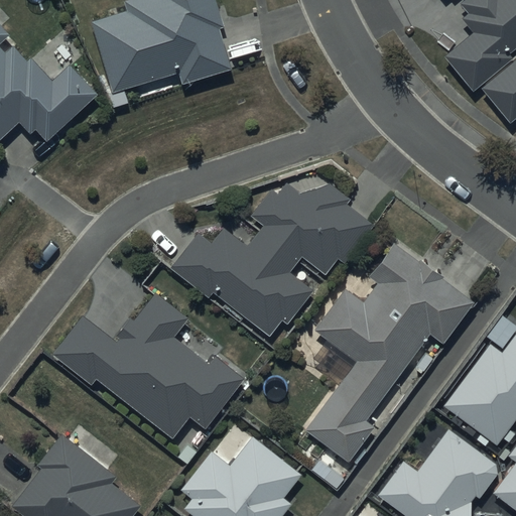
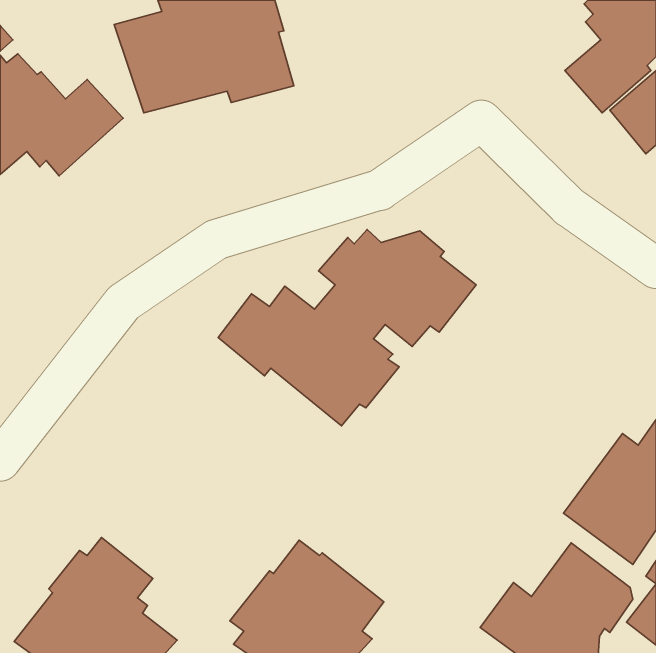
building: [306,243,473,461] -> none
building: [51,293,245,438] -> none

